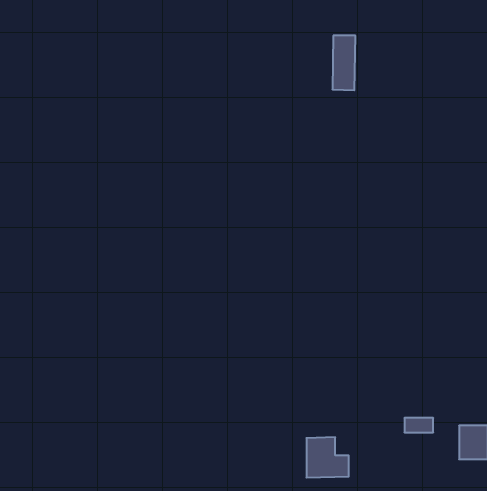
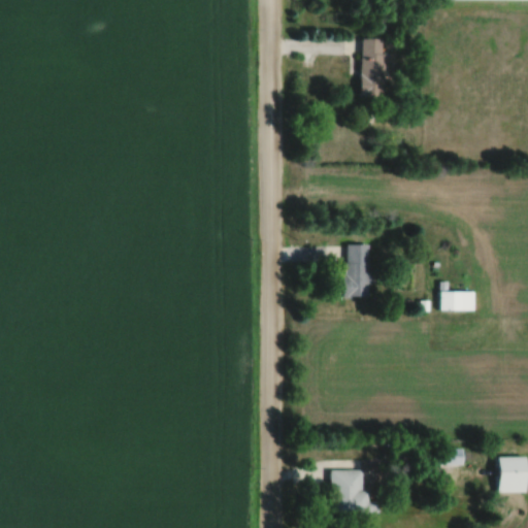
building: none -> [345,244,370,298]
building: none -> [440,291,476,310]

